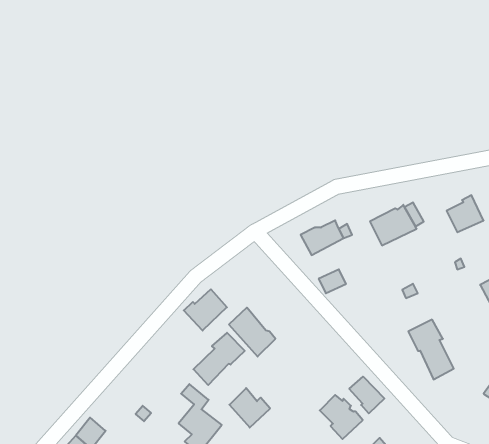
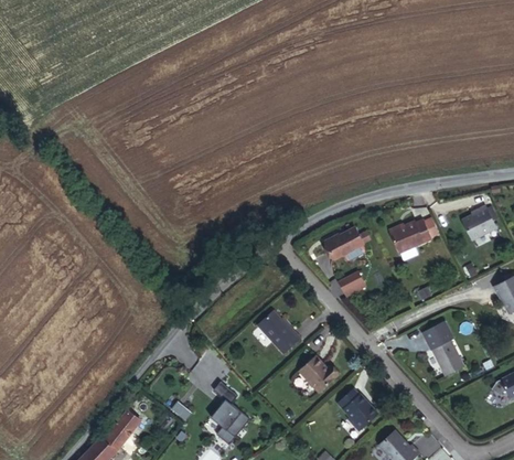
building: [184,289,227,331] -> none
building: [193,333,245,385] -> none
building: [349,377,384,413] -> none
building: [229,388,270,428] -> [299,356,336,393]

